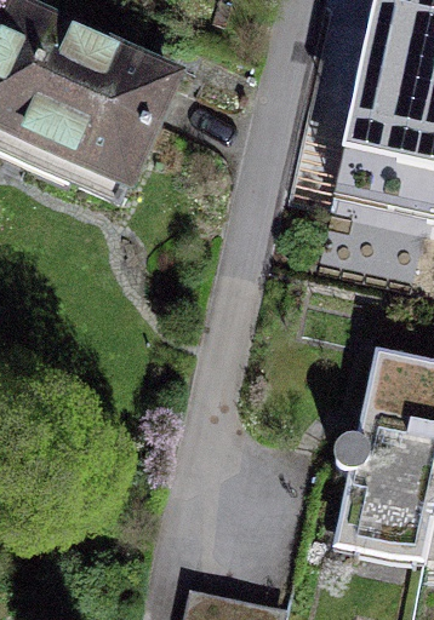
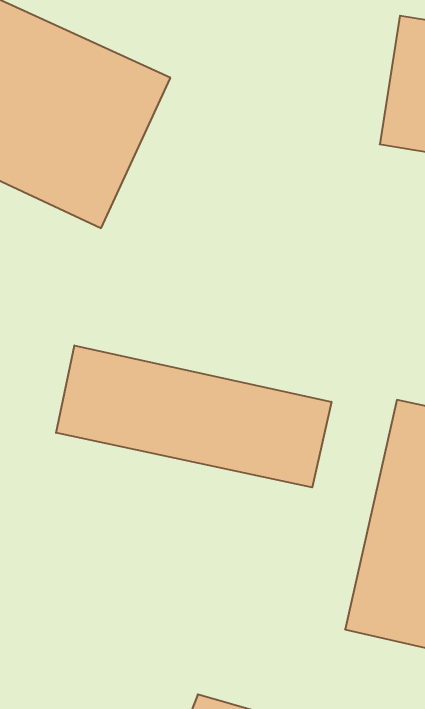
building: none -> [56,345,331,487]

